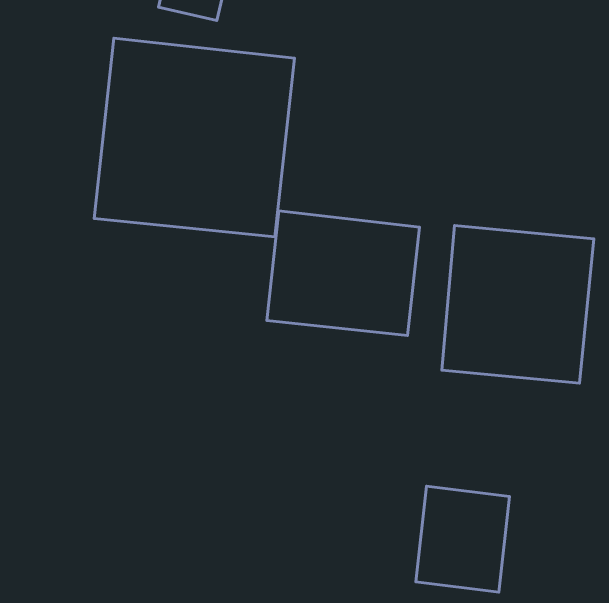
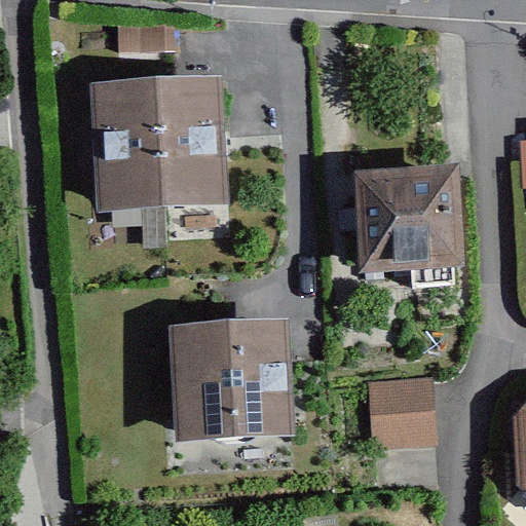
building: [267,211,419,336] -> none
building: none -> [164,327,299,454]

